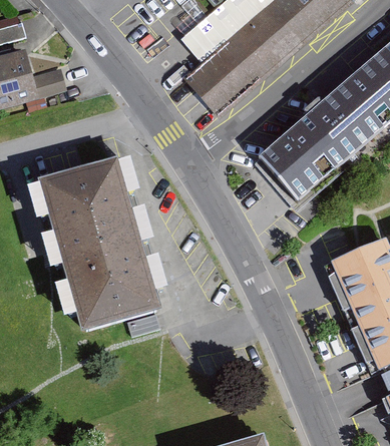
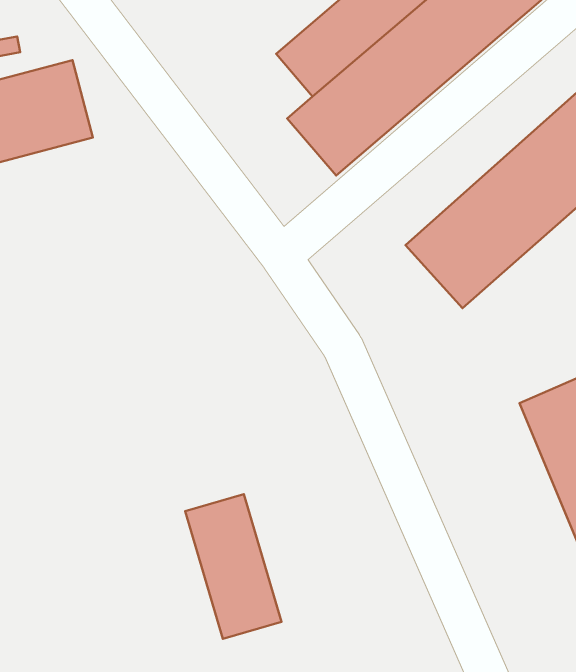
building: [41,160,157,329] -> none
building: none -> [185,494,281,639]

